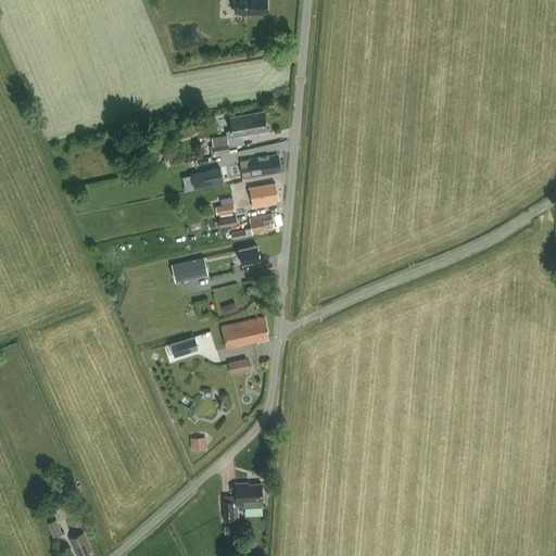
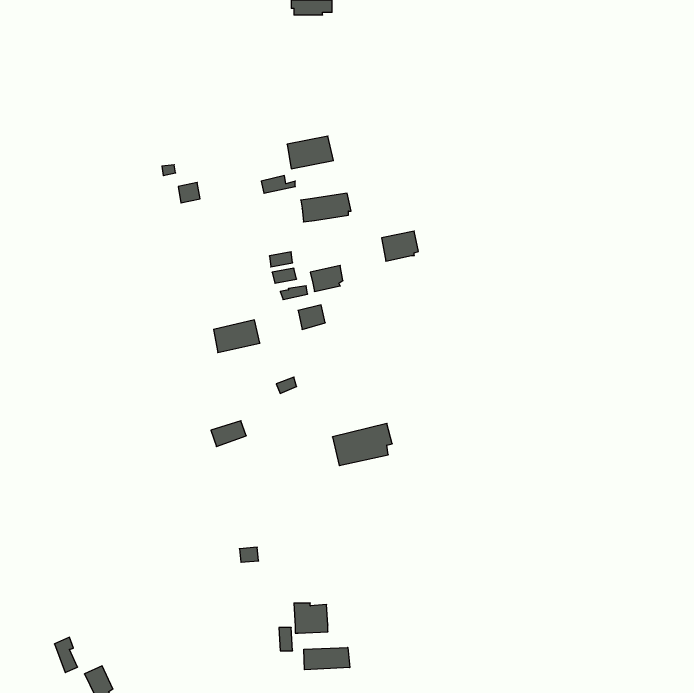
building: [189,167,223,190] -> none
building: [249,184,278,207] -> [382,231,418,261]
building: [220,316,268,350] -> [332,423,392,466]
building: none -> [304,647,350,670]

